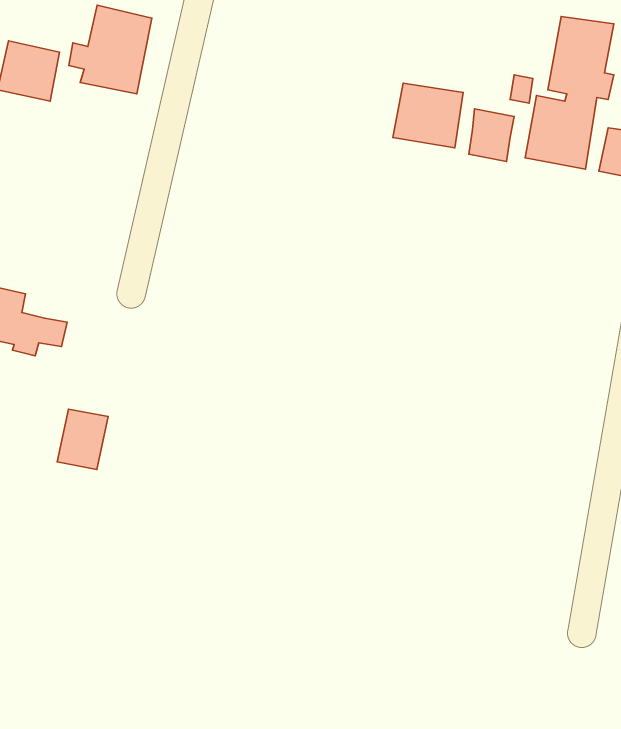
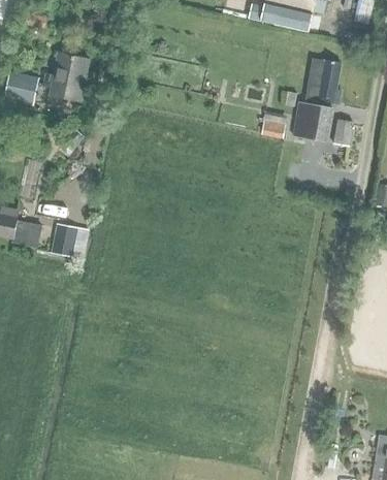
building: [393,83,463,148] -> none
building: [57,409,108,469] -> [52,223,79,256]

